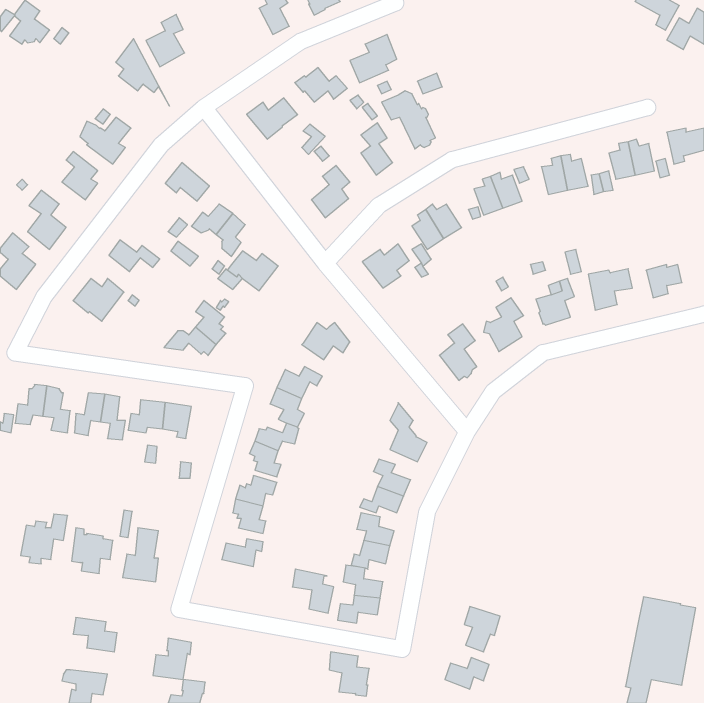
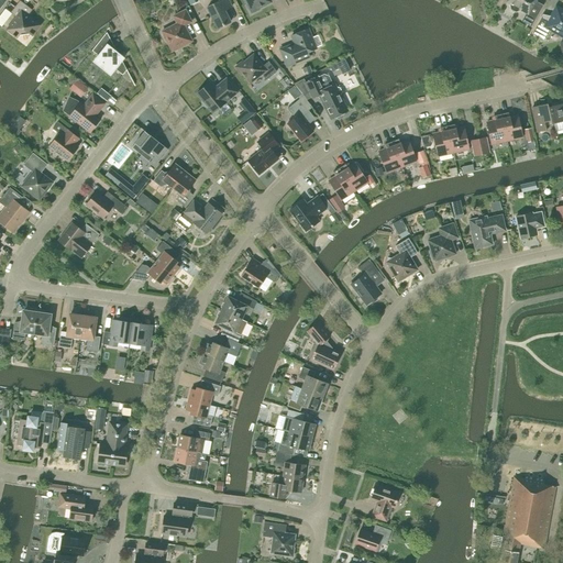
building: [146,14,185,67] -> [162,9,192,51]
building: [292,569,334,613] -> [175,446,208,482]
building: [153,638,191,680] -> [162,501,192,534]

